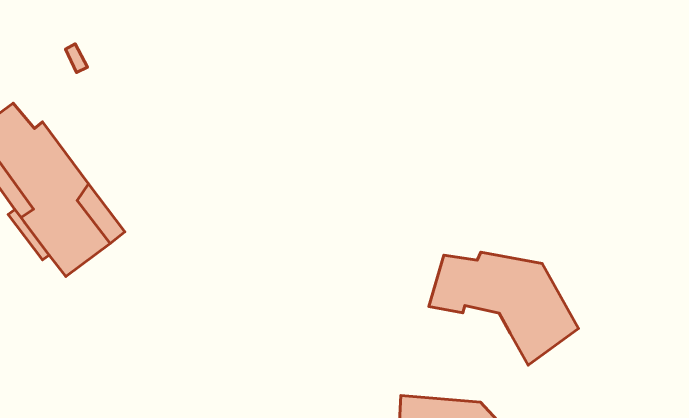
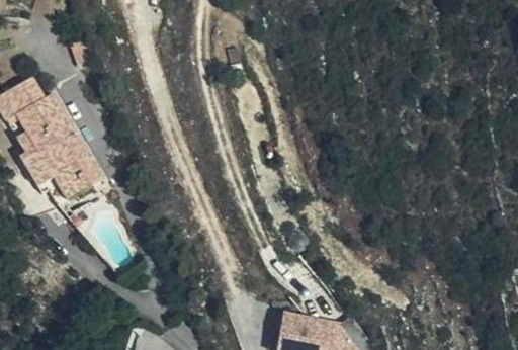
building: [429,252,578,365] -> none

